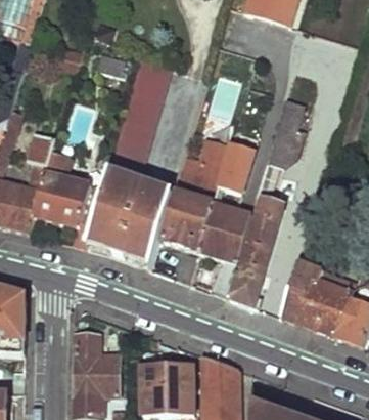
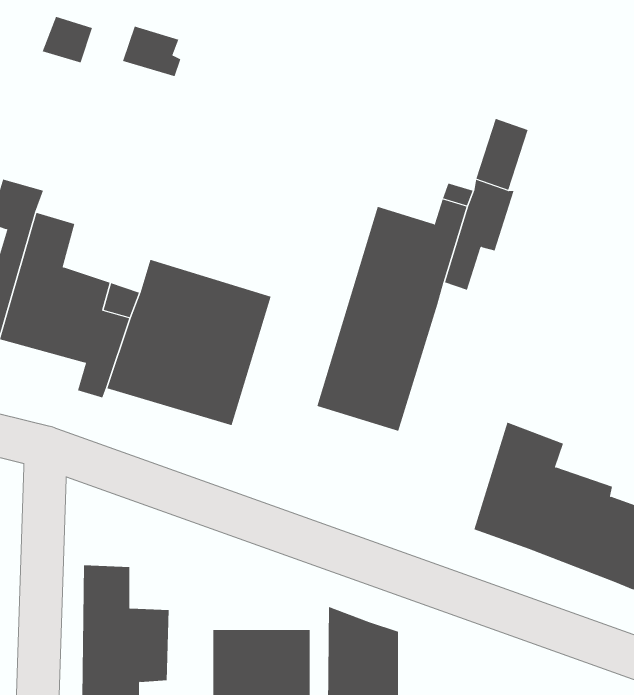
building: [114,56,172,170] -> none
building: [162,138,229,250] -> none
building: [230,197,286,305] -> none

